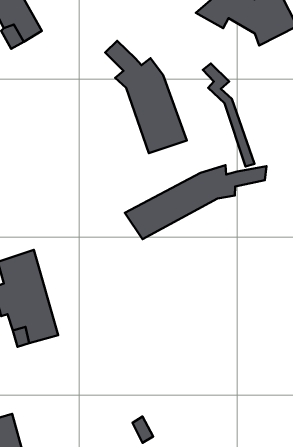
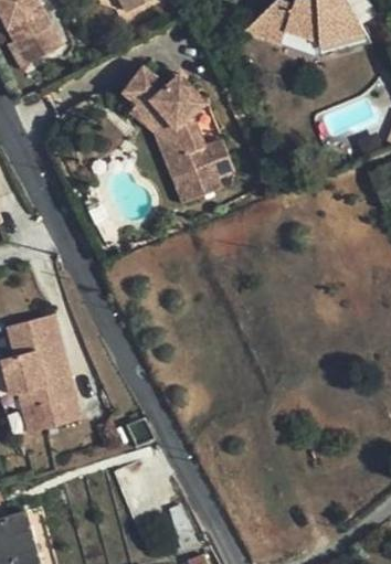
building: [203,63,254,167] -> [126,73,189,199]
building: [125,165,266,239] -> none

